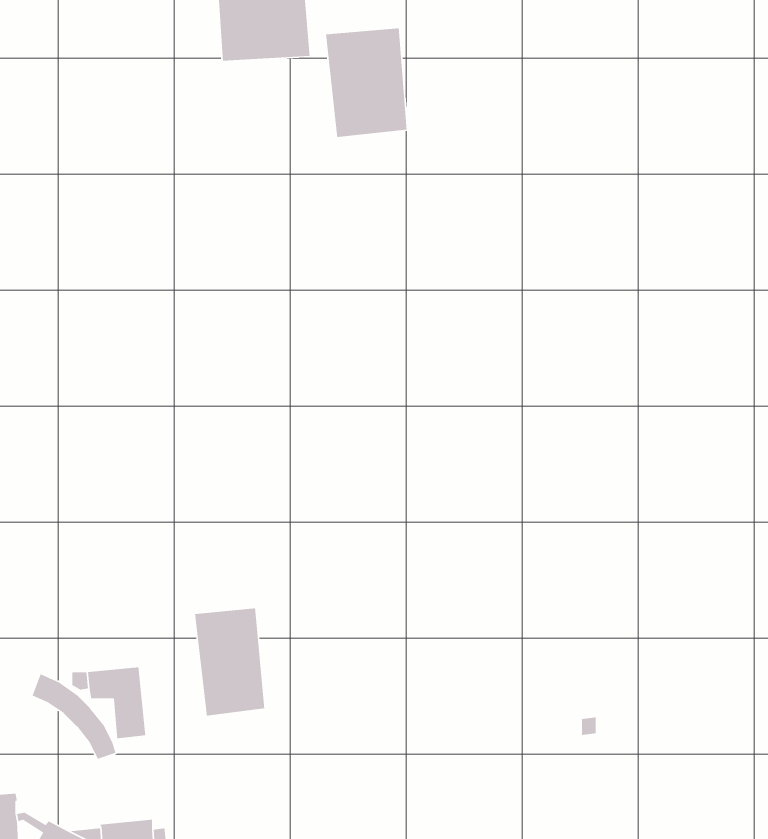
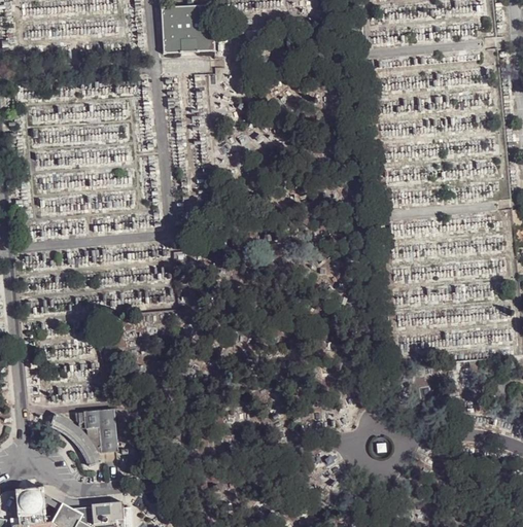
building: [325,28,407,138] -> none
building: [194,607,265,717] -> none

